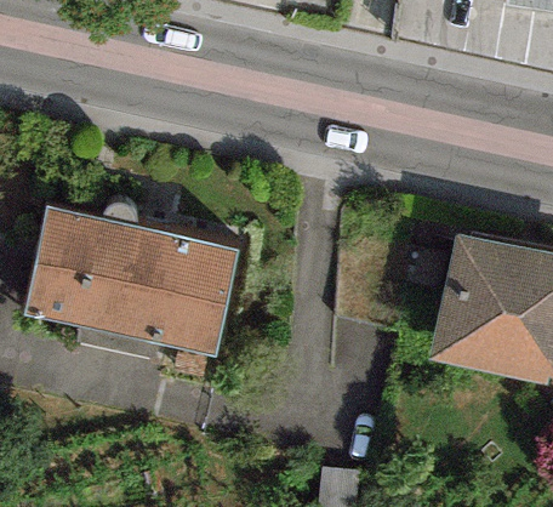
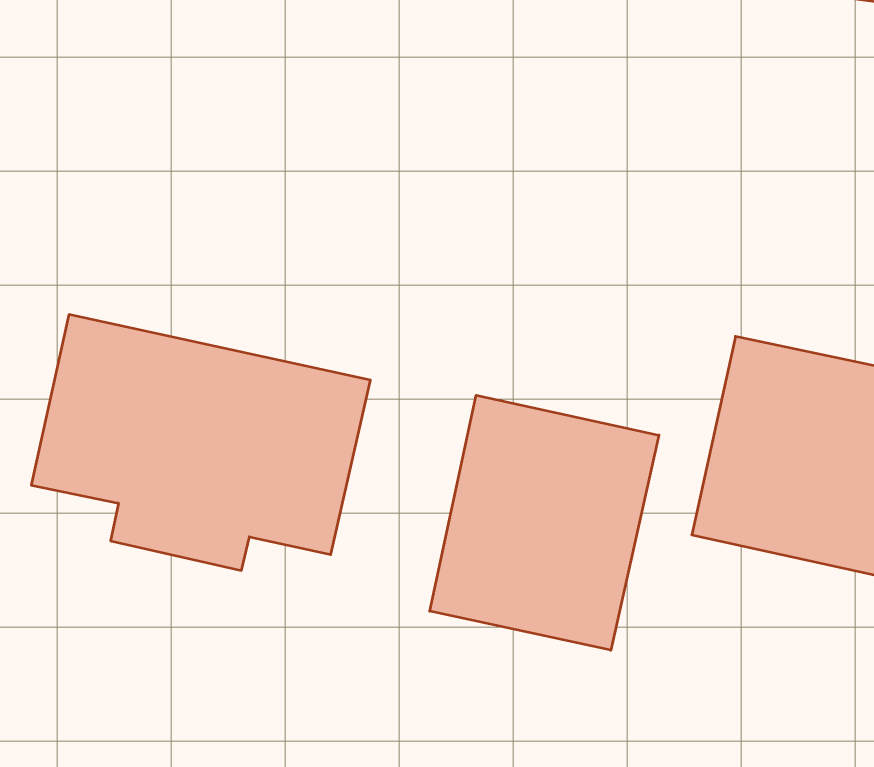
building: none -> [430,395,659,650]

